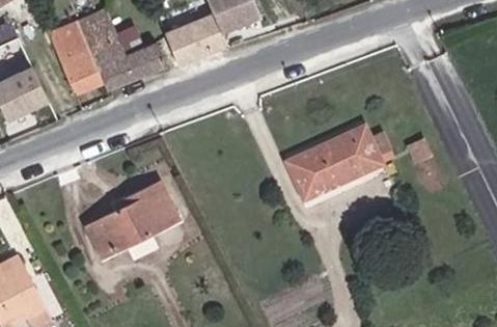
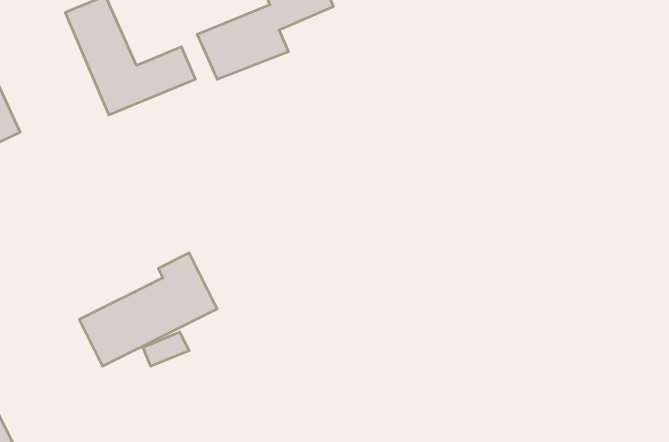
building: [49,20,104,92] -> none
building: [289,129,382,199] -> none

